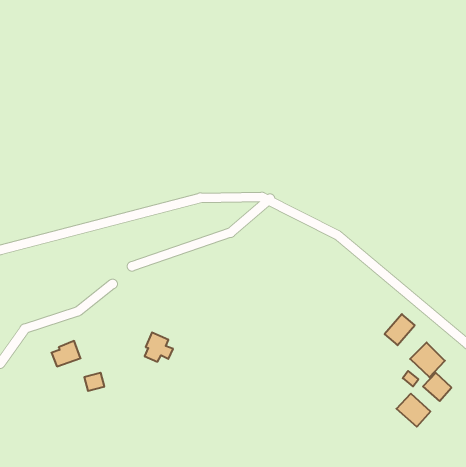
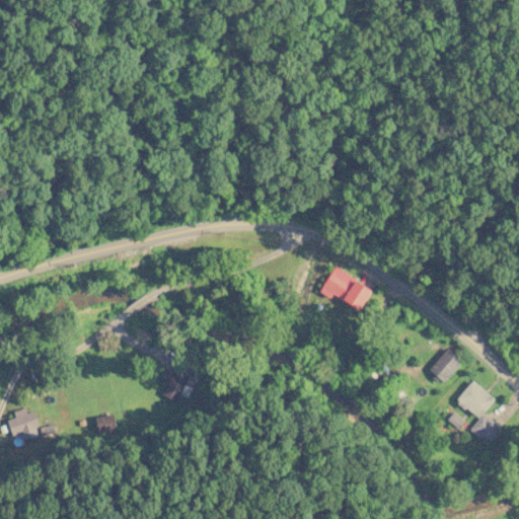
building: none -> [320,267,373,310]
building: [51,341,81,366] -> [7,407,40,436]
building: [396,394,430,427] -> none

